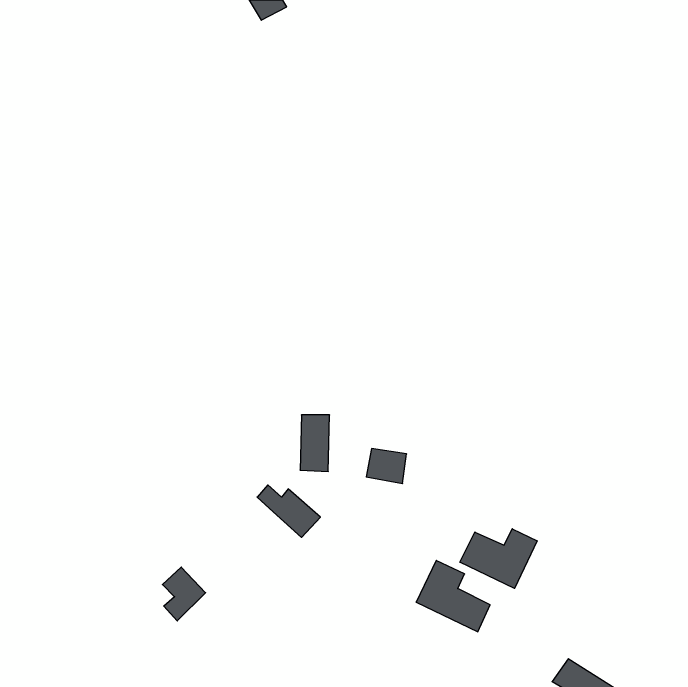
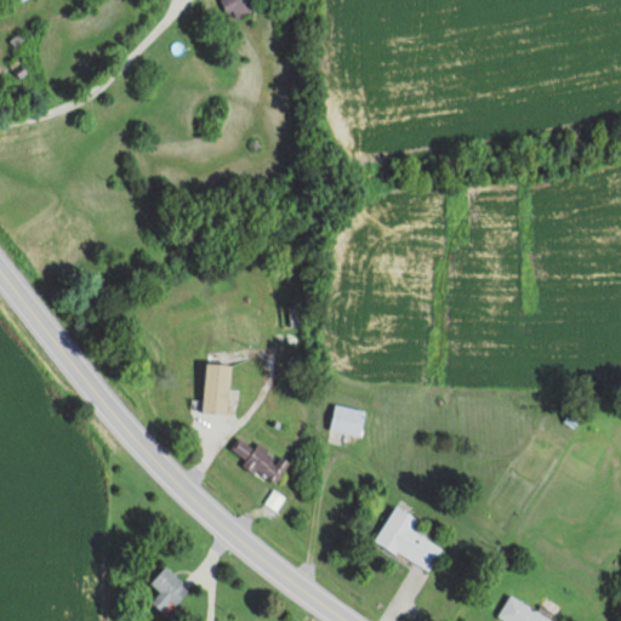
building: [300,415,330,471] -> [204,364,230,415]
building: [460,529,537,588] -> none
building: [162,567,206,621] -> [150,566,189,615]

